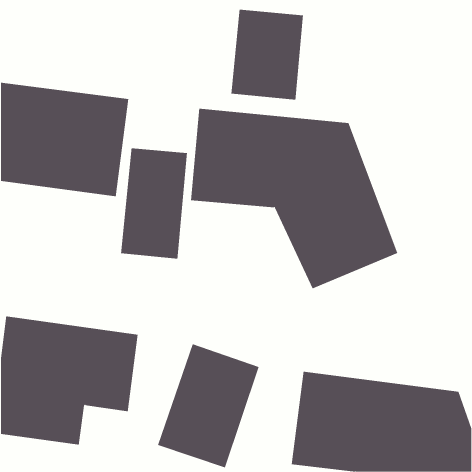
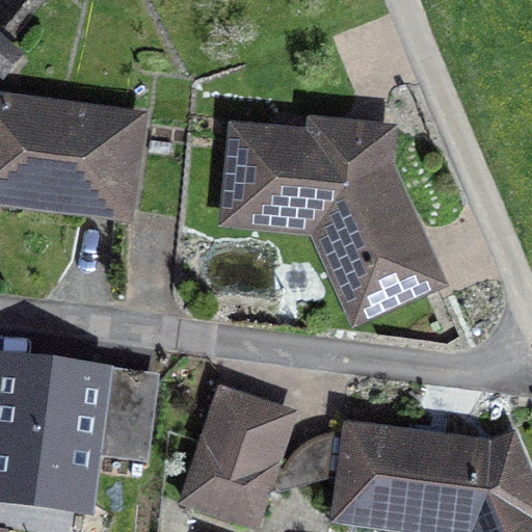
building: [231,9,304,101] -> none
building: [121,147,188,259] -> none

